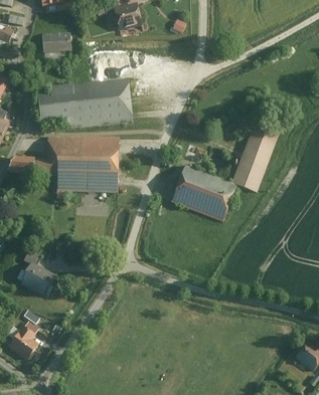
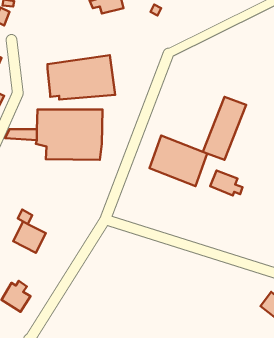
building: [42,35,71,56] -> none
building: [37,86,60,122] -> none
building: none -> [210,171,243,196]

